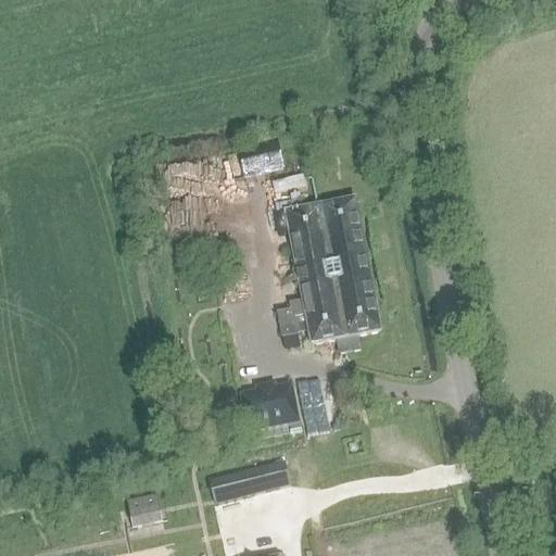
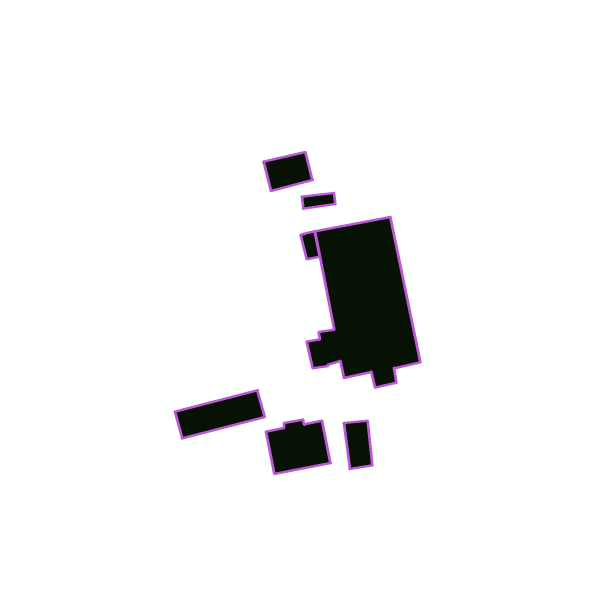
building: [208,458,290,502] -> [175,390,265,438]
building: [127,494,162,526] -> none

